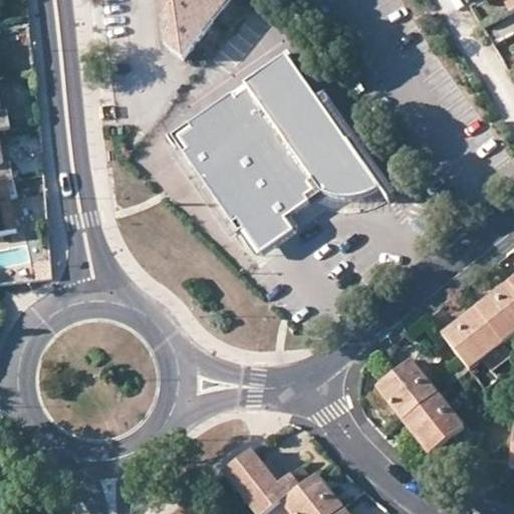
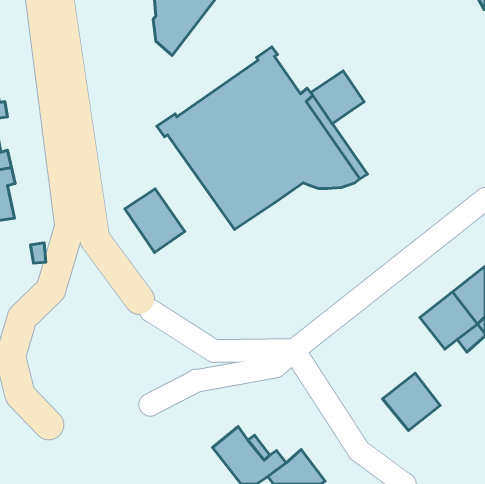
building: none -> [311,71,364,124]
building: none -> [125,189,185,253]
building: [246,213,299,259] -> none
building: [375,358,436,419] -> none

